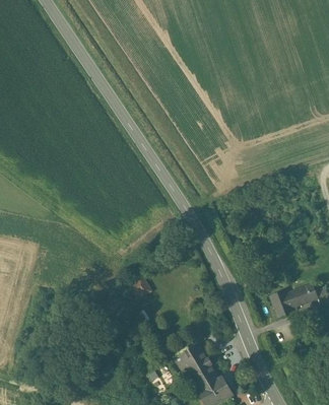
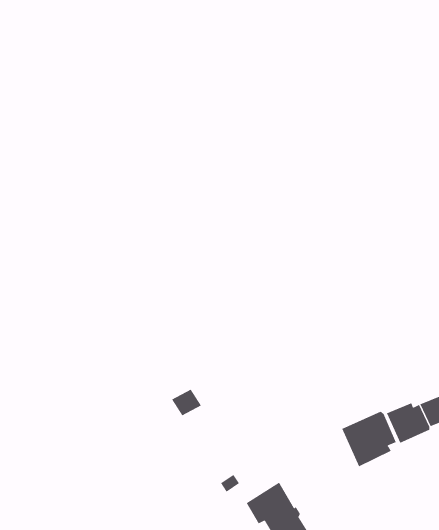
building: none -> [341,411,397,467]

